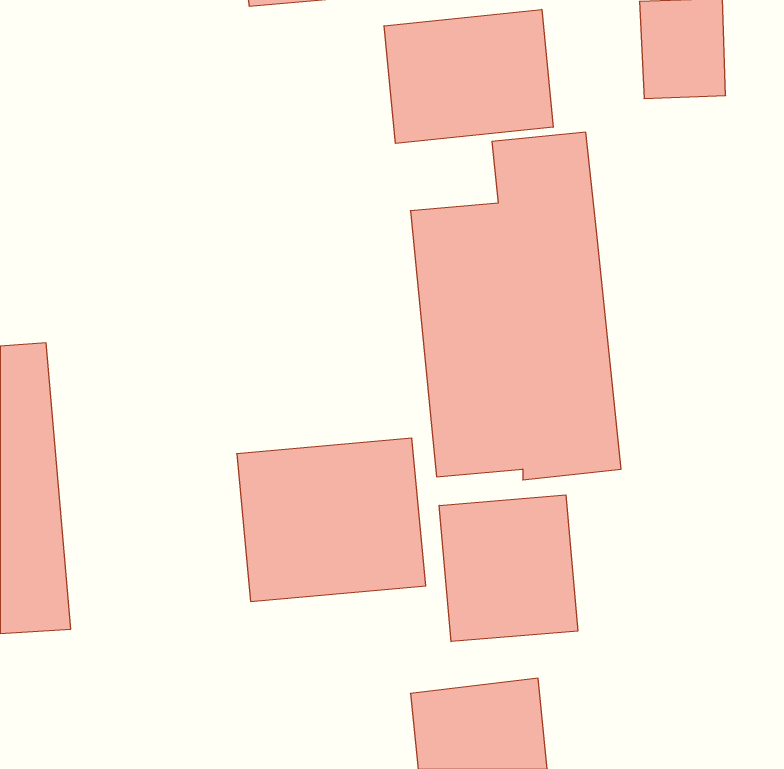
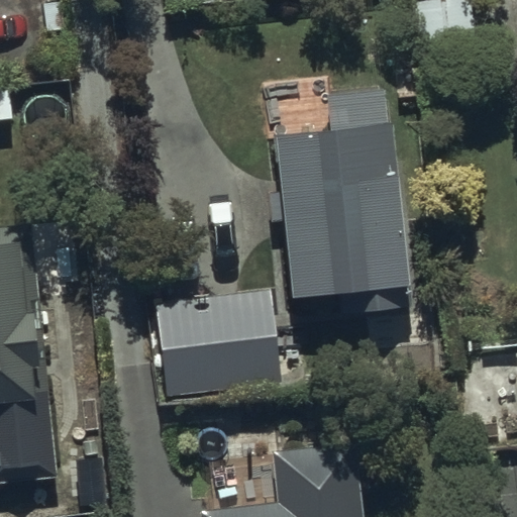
building: [384,9,553,143] -> none
building: [439,495,578,642] -> none

